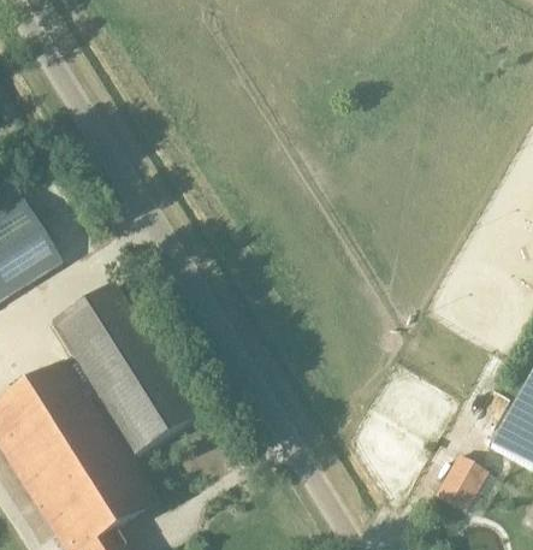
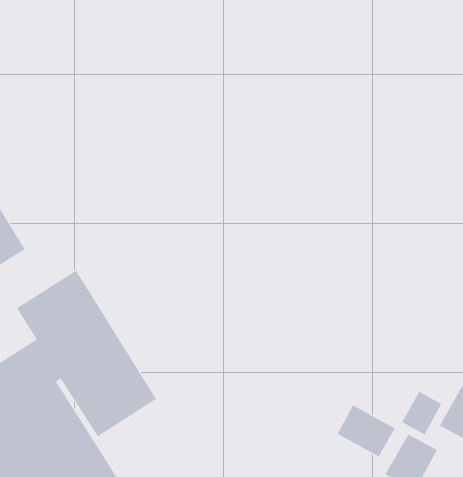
building: none -> [401,391,442,435]
building: none -> [337,405,395,457]

